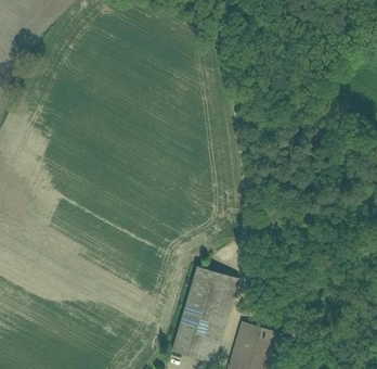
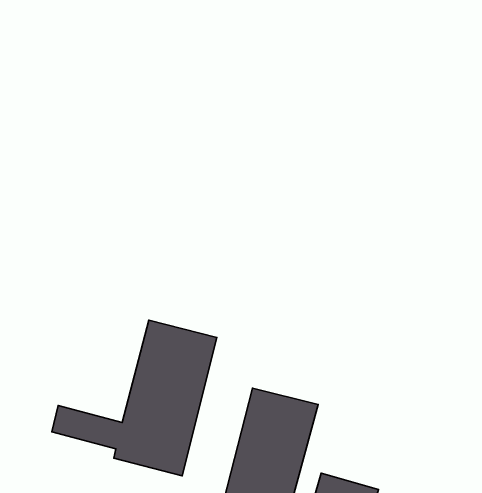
building: none -> [52,320,217,476]

